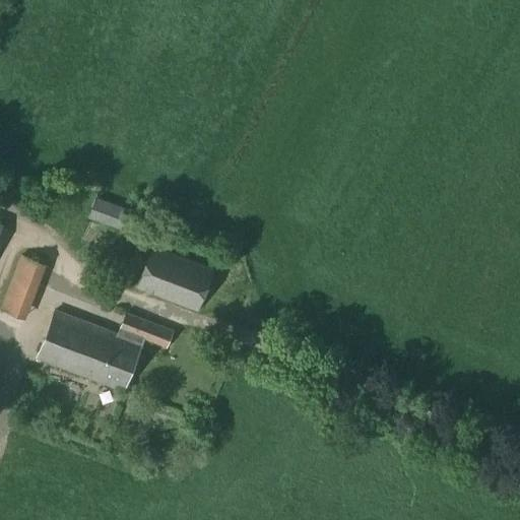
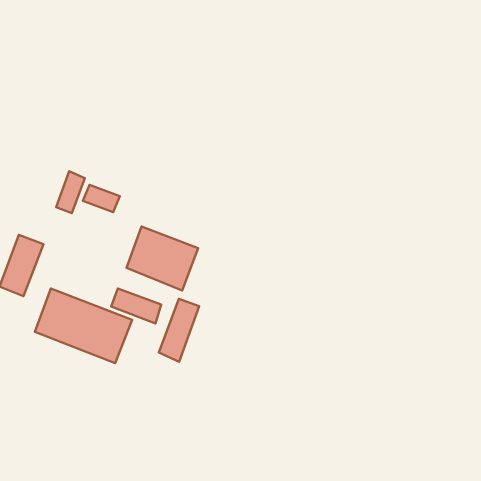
building: none -> [56,171,85,213]
building: none -> [159,299,199,362]

